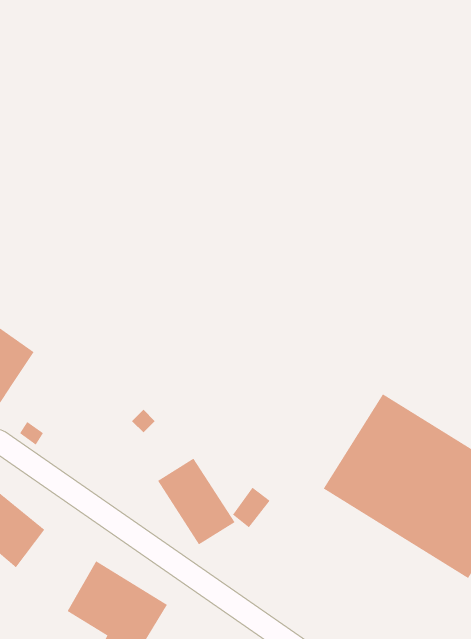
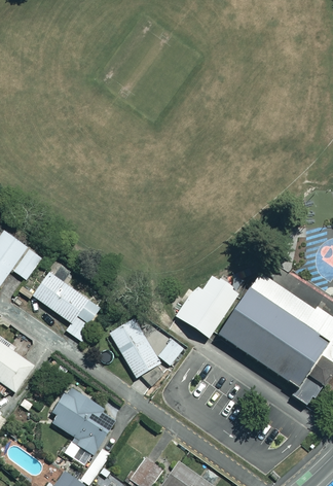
building: none -> [11,247,41,279]
building: none -> [32,272,102,341]
building: none -> [181,276,240,342]

